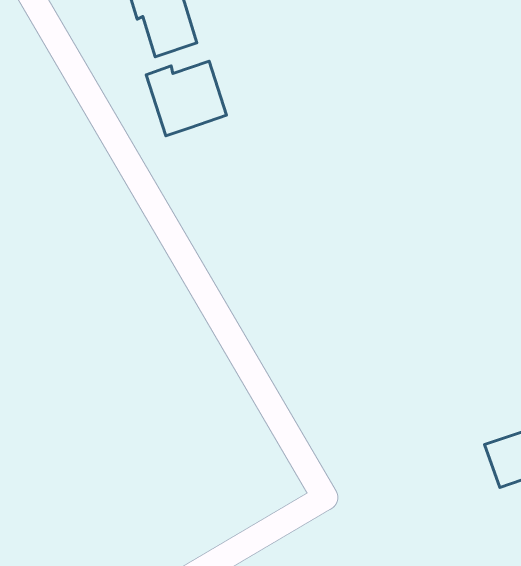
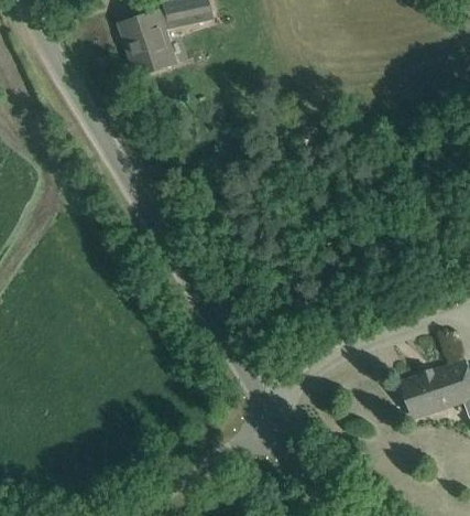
building: [146,61,226,136] -> none

